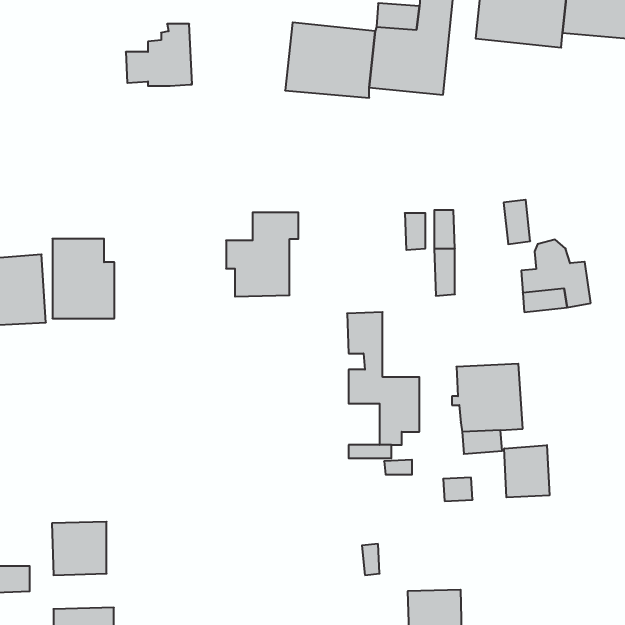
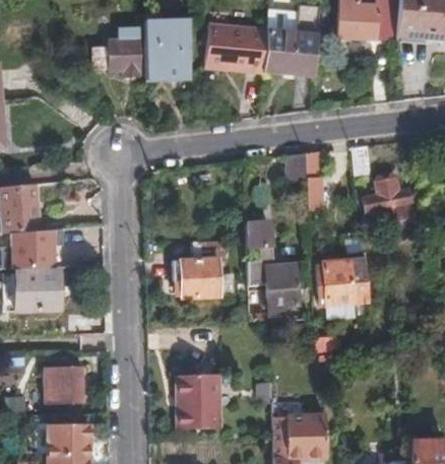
building: none -> [144,19,189,80]
building: [226,212,298,297] -> [177,241,227,299]
building: [52,239,114,318] -> [13,249,56,304]
building: [504,445,549,497] -> none
building: none -> [174,375,219,428]

